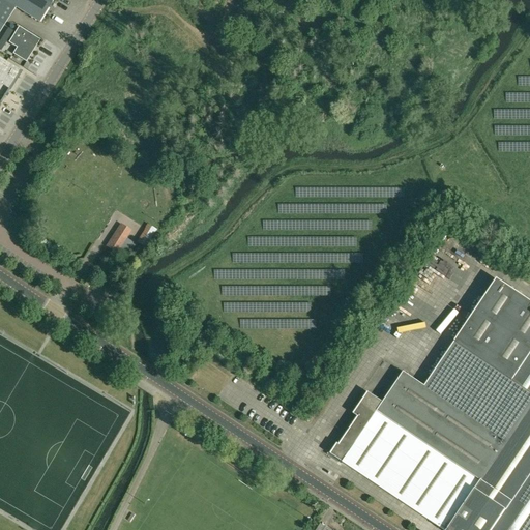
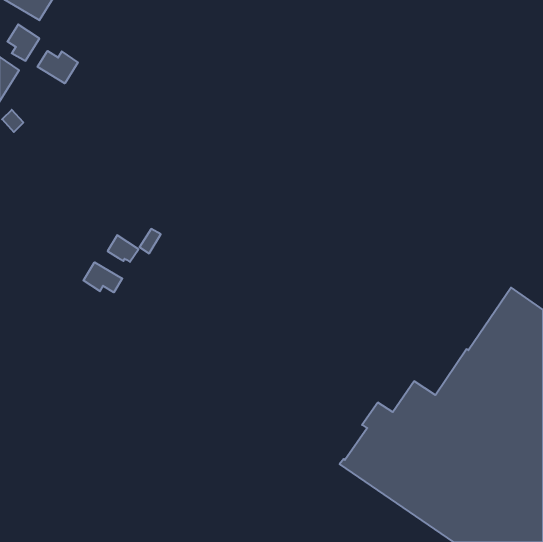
building: none -> [38,51,78,83]
building: none -> [83,262,122,292]

